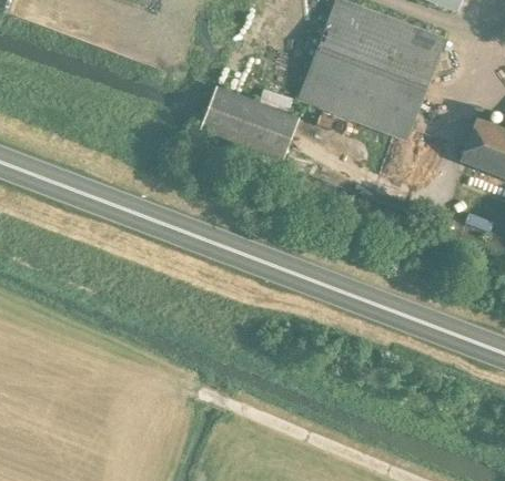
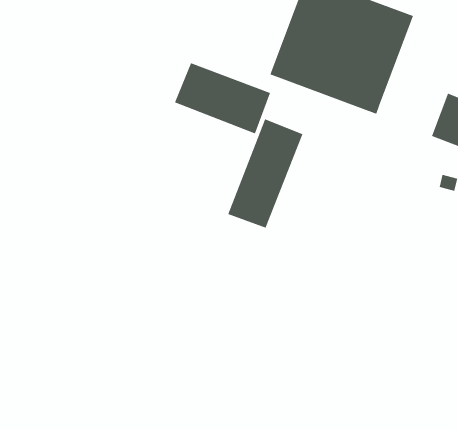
building: none -> [228,118,303,228]

